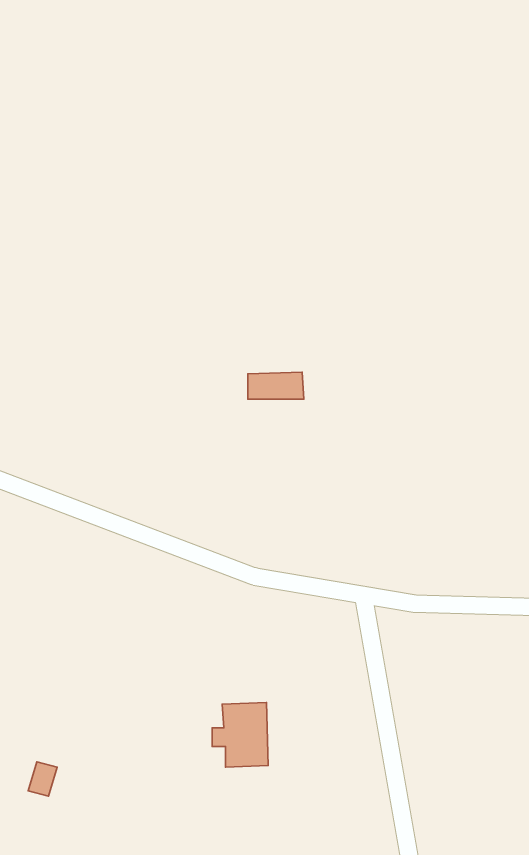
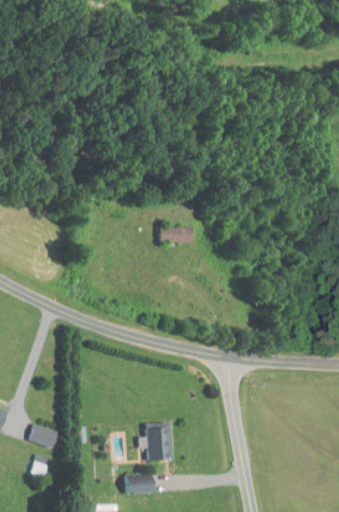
building: none -> [28,424,56,448]
building: none -> [124,473,150,493]

